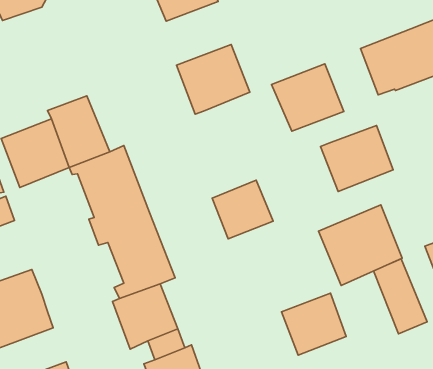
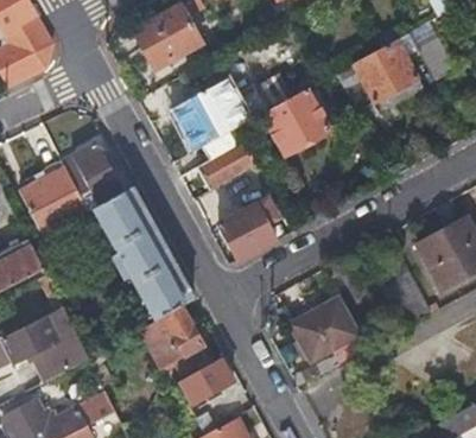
building: none -> [198,122,255,186]
building: [321,126,393,191] -> none
building: [319,205,402,285] -> none

